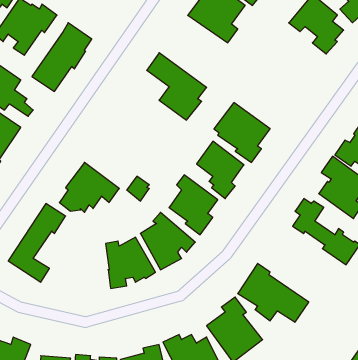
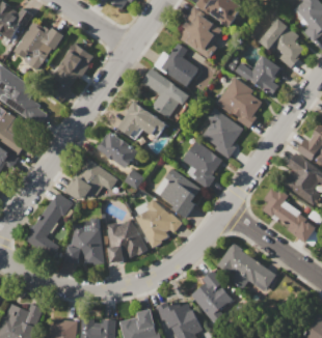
building: none -> [154,43,198,86]
building: none -> [235,54,281,95]
building: none -> [215,77,267,128]
building: none -> [117,102,166,139]
building: none -> [99,132,138,168]
building: none -> [64,218,103,264]

